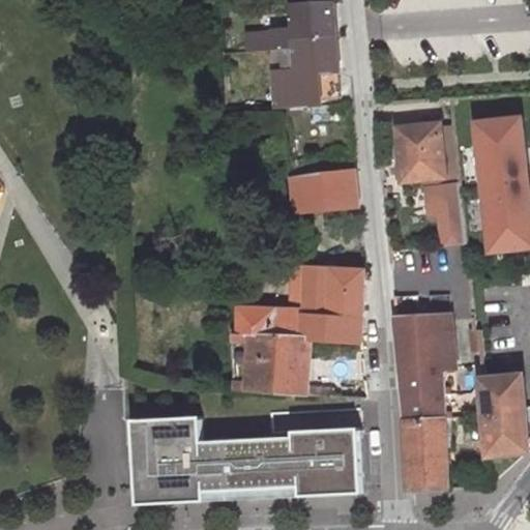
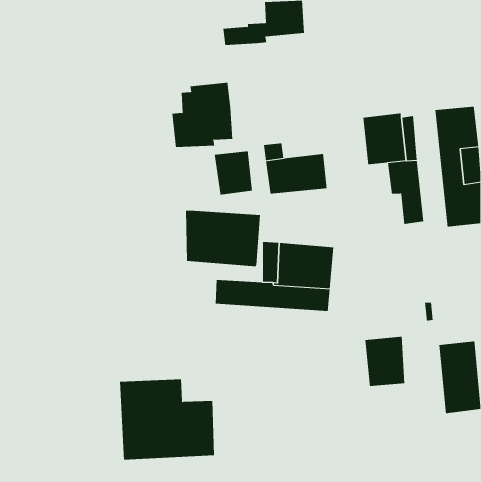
building: [271,36,338,108] -> [171,82,233,148]
building: none -> [214,151,252,195]
building: [393,314,452,372] -> none
building: [230,332,313,394] -> [185,210,261,267]
building: [404,419,447,488] -> none
building: [233,425,361,498] -> none

